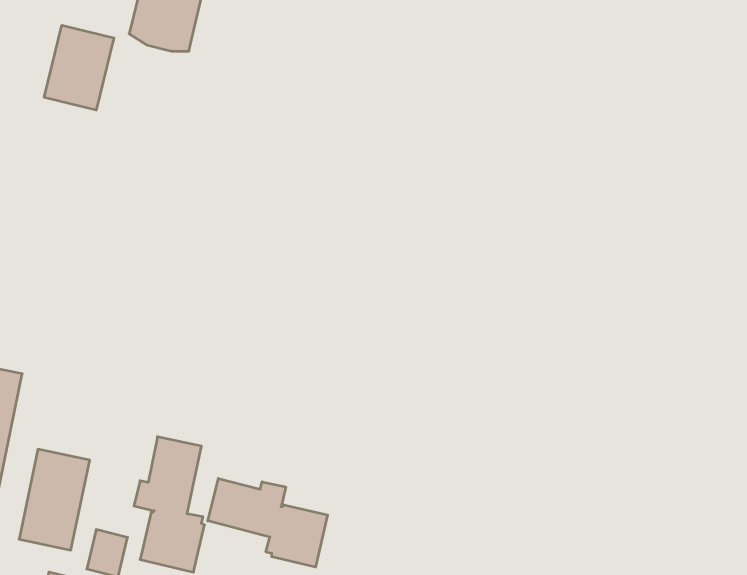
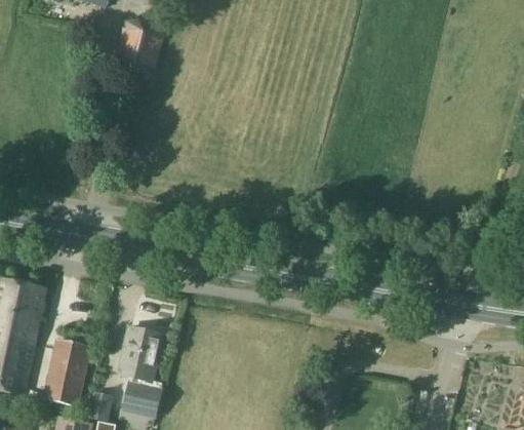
building: [44,25,114,110] -> none
building: [208,478,328,567] -> none

